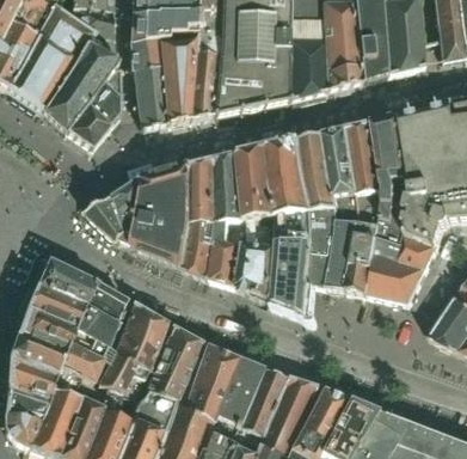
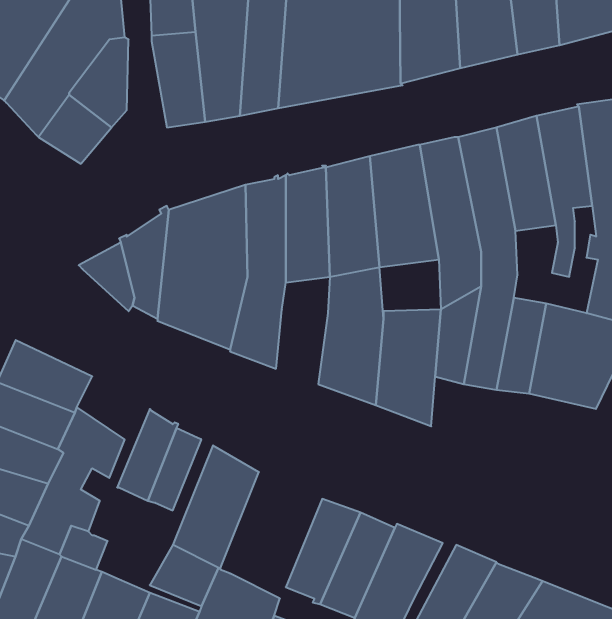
building: [276,208,314,240] -> none
building: [211,239,244,286] -> none
building: [87,281,125,320] -> none
building: [183,343,240,420] -> none
building: [98,350,136,408] -> none

